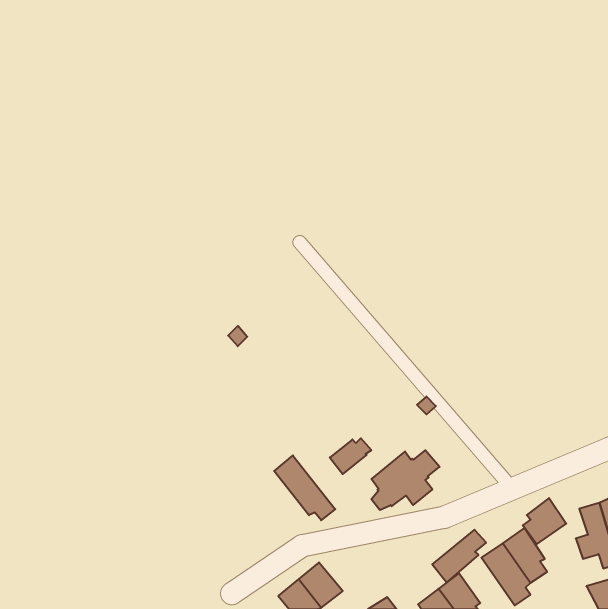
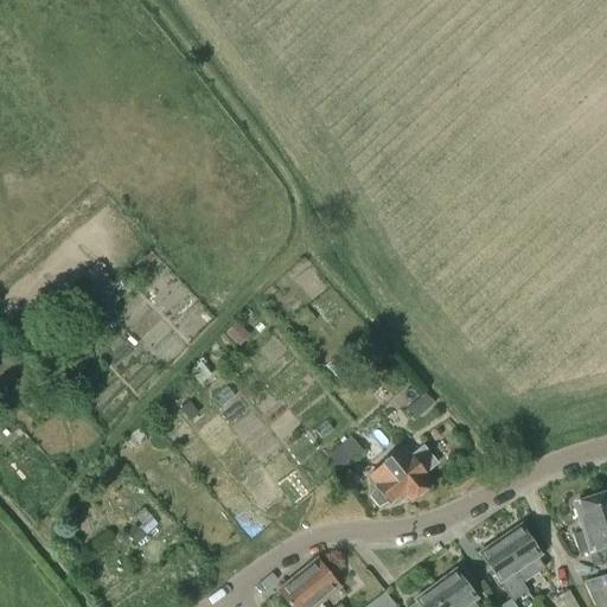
building: [274,455,335,520] -> none
building: [523,498,566,544] -> none
building: [432,530,486,583] -> none

